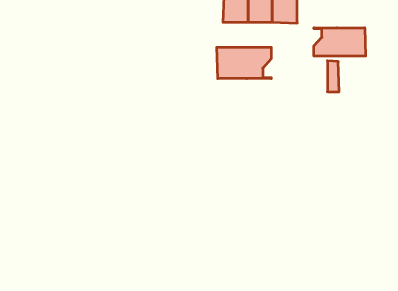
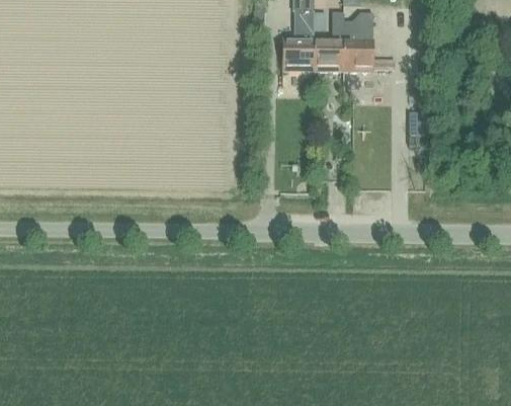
building: [314,28,366,56] -> none
building: [217,47,271,79] -> none

